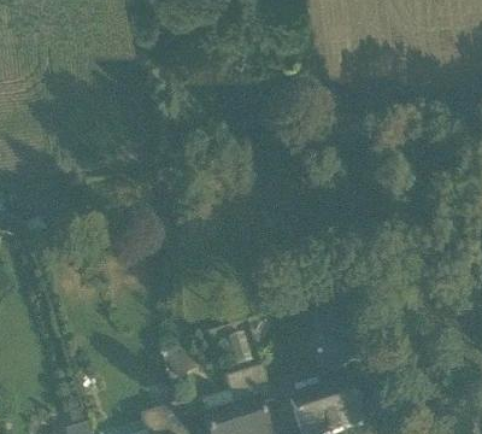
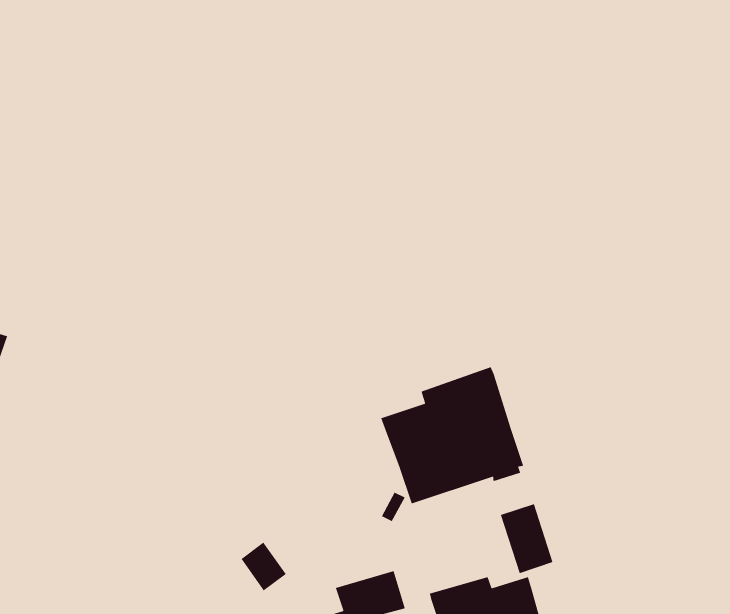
building: none -> [380,366,524,505]

